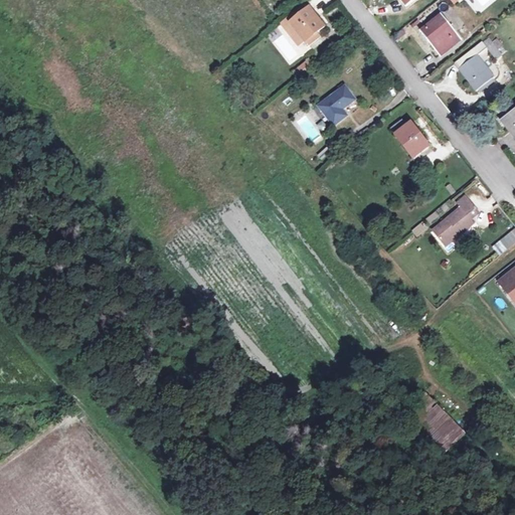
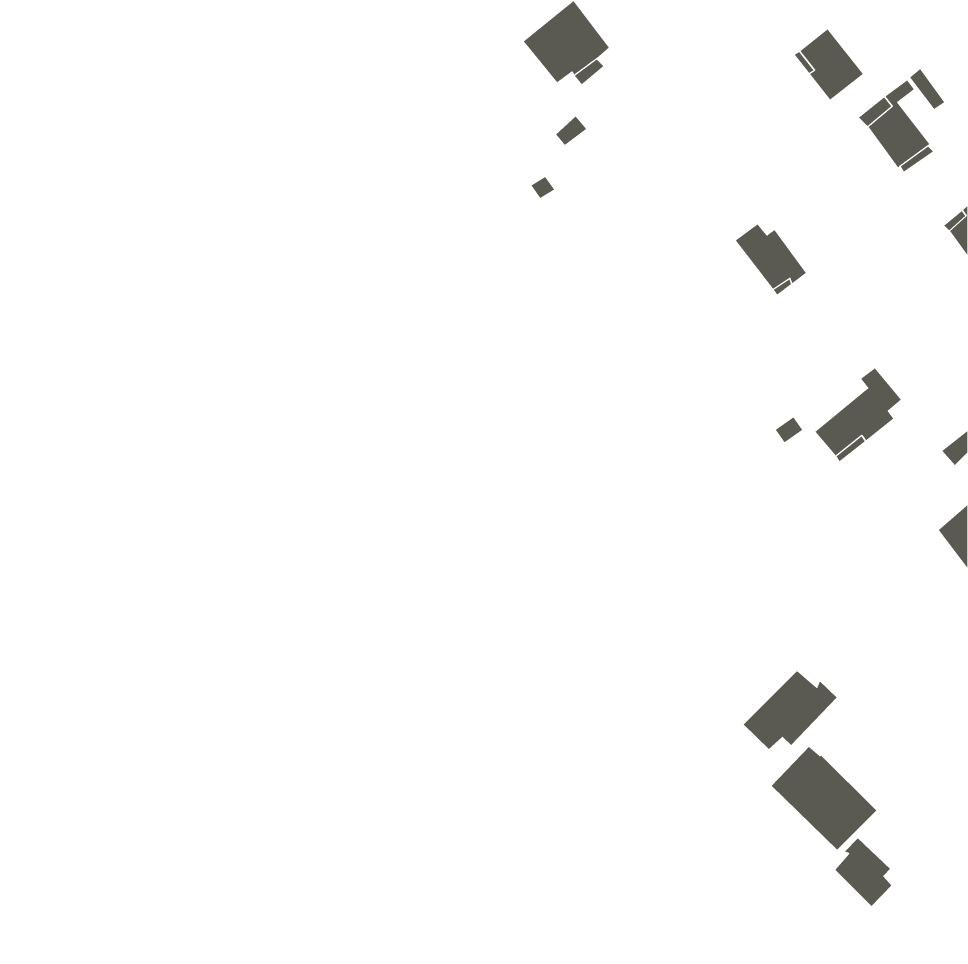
building: [318,84,355,126] -> none
building: none -> [743,670,837,750]
building: none -> [834,837,892,907]

